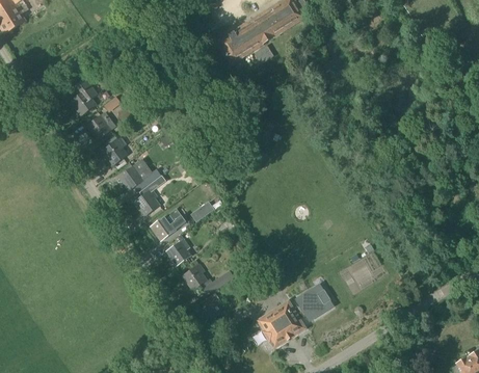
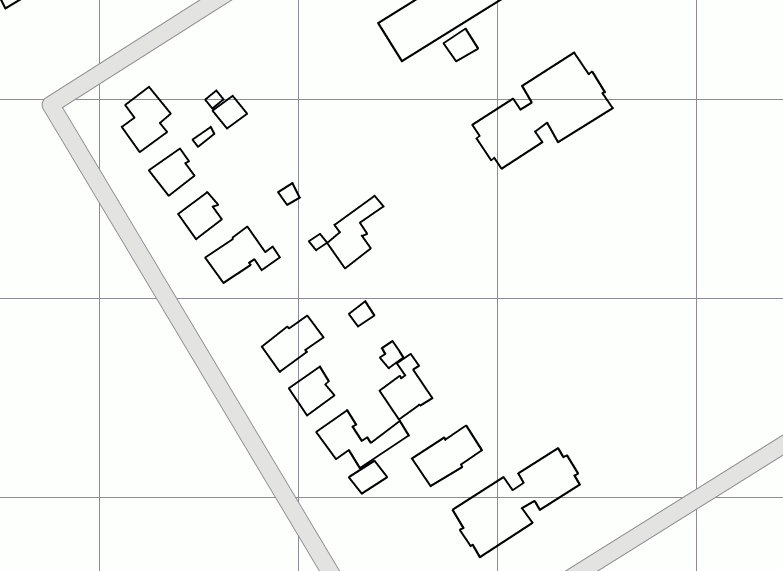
building: none -> [472,52,613,169]
building: [134,176,166,217] -> [327,196,384,268]
building: none -> [380,354,432,420]
building: none -> [412,426,482,486]

